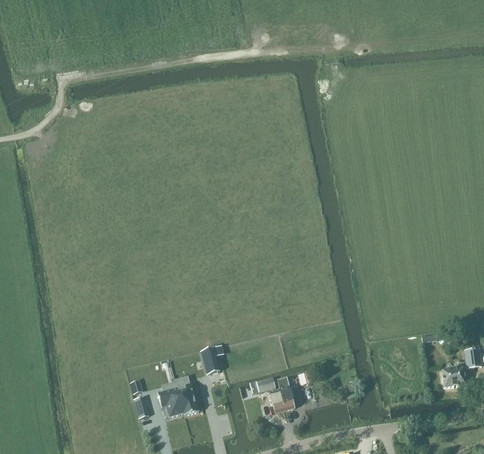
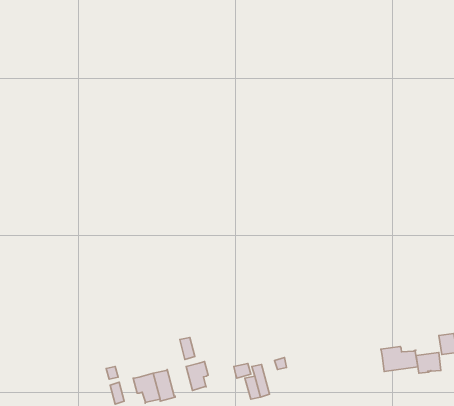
building: none -> [381,346,418,371]
building: none -> [186,361,208,390]

